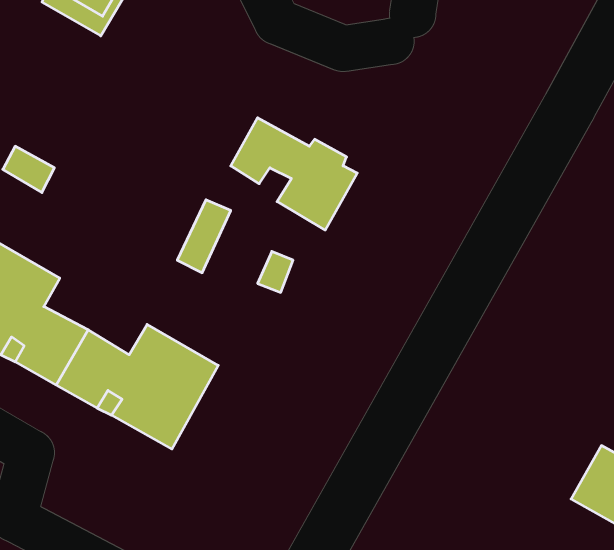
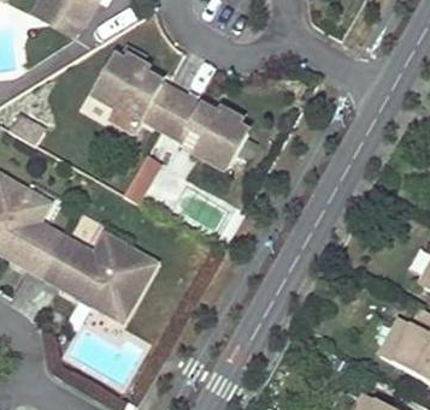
building: none -> [90,58,178,129]

